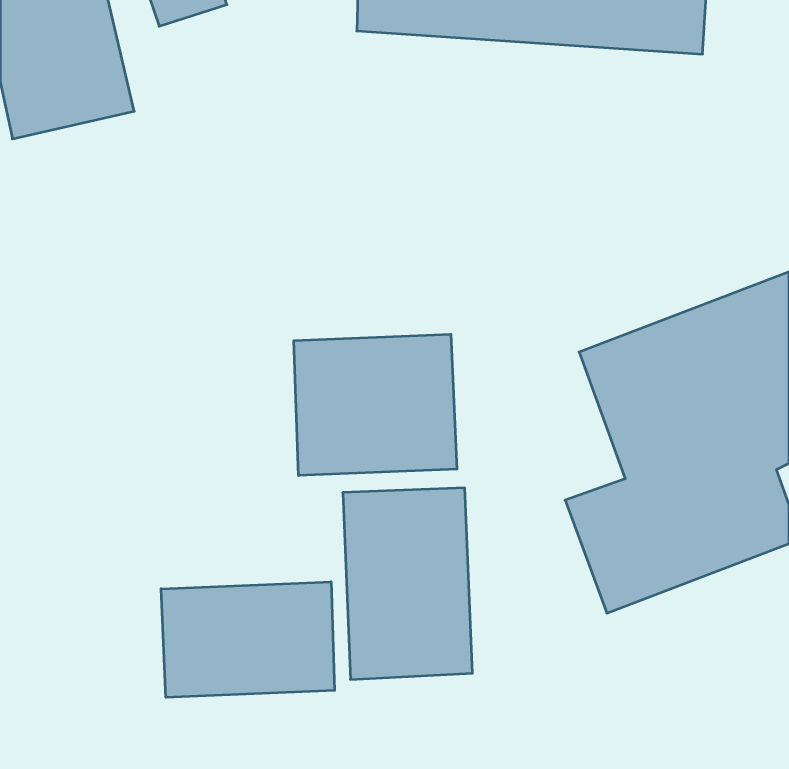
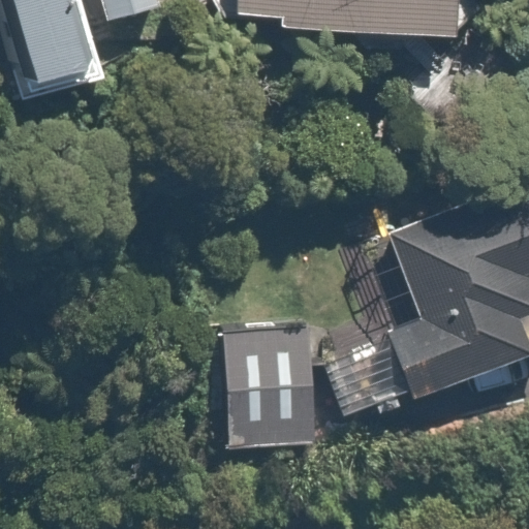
building: [294,334,457,476] -> none
building: [161,582,335,697] -> none

